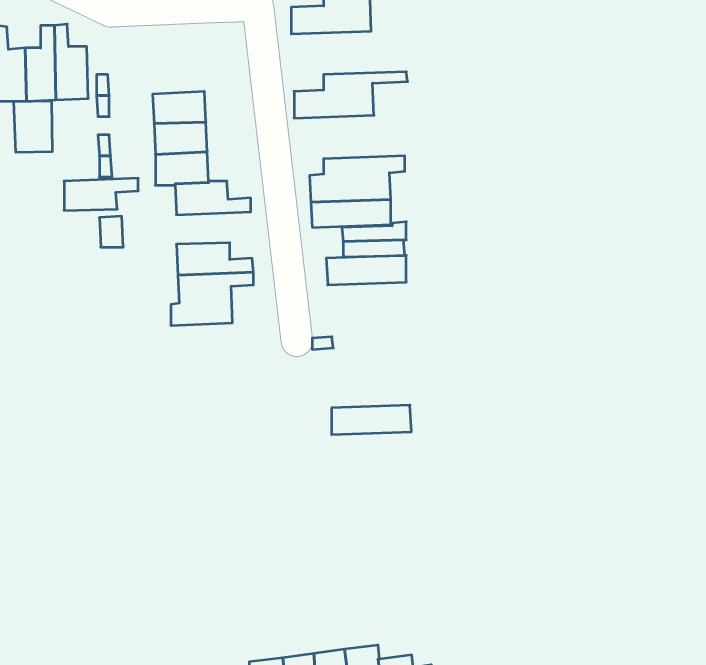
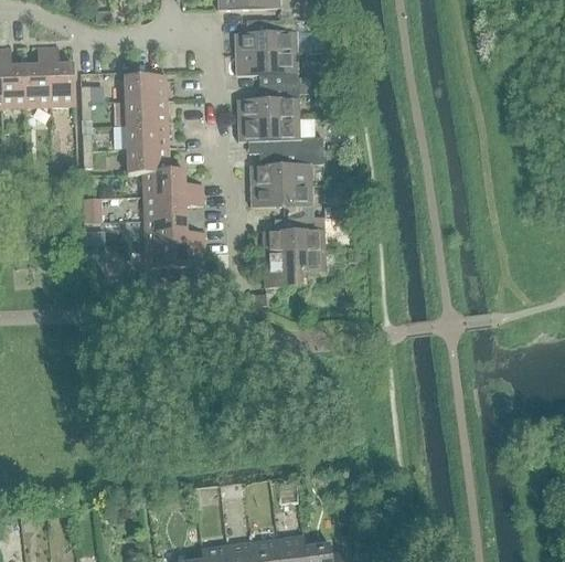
building: none -> [234,52,310,86]
building: none -> [124,75,166,102]
building: [14,101,52,152] -> none
building: none -> [236,118,323,152]
building: [64,178,138,210] -> [143,194,202,220]
building: [332,405,411,435] -> [263,250,326,273]

